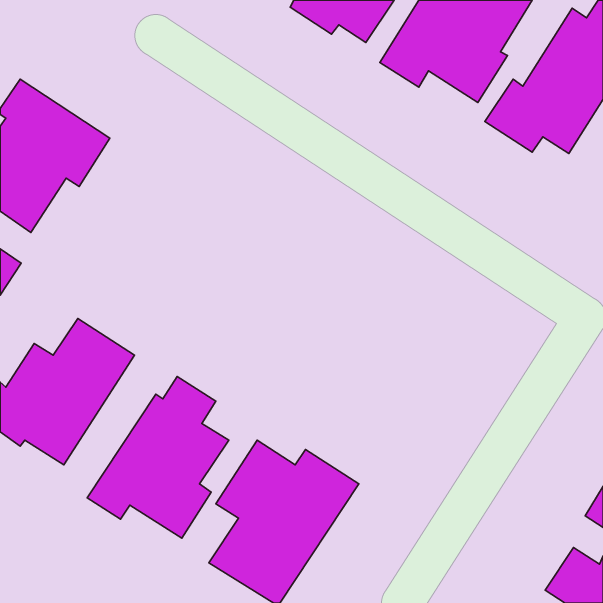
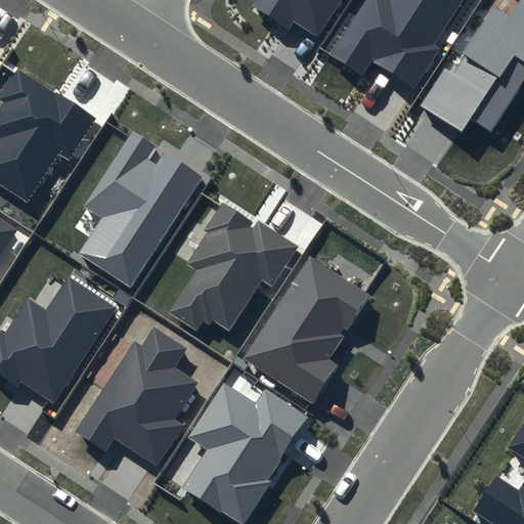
building: none -> [81,132,203,287]
building: none -> [170,203,298,332]
building: none -> [243,256,369,403]

